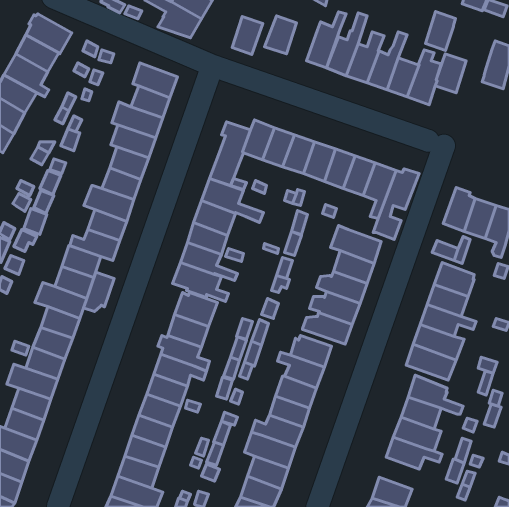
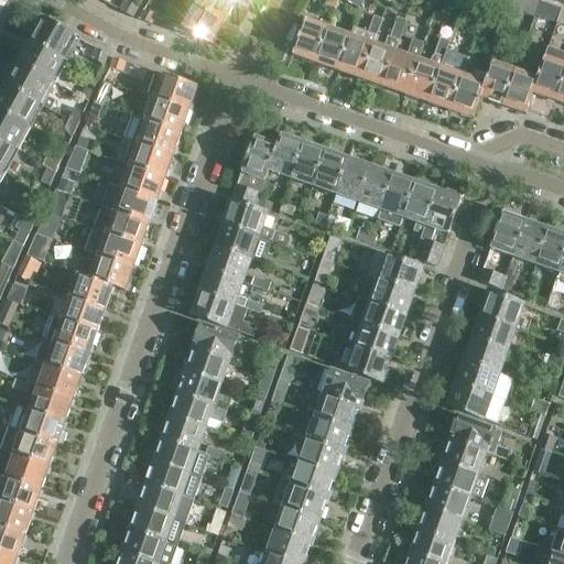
building: [426,12,455,51] -> [503,67,536,110]
building: [232,17,263,54] -> [316,25,350,67]
building: [84,272,114,312] -> none
building: none -> [419,505,463,540]

